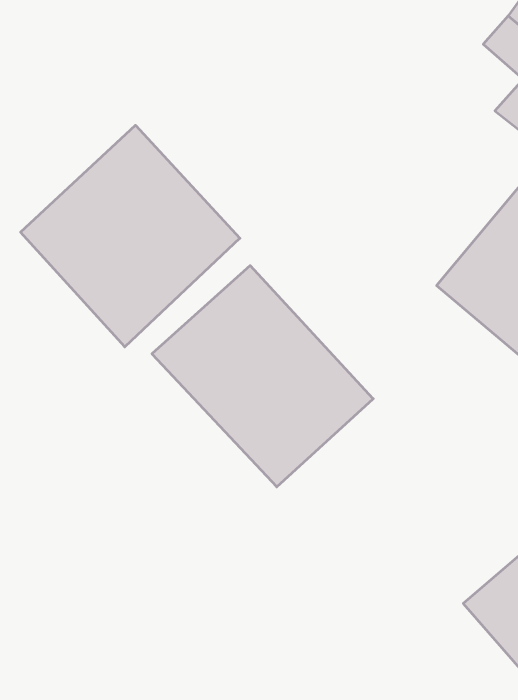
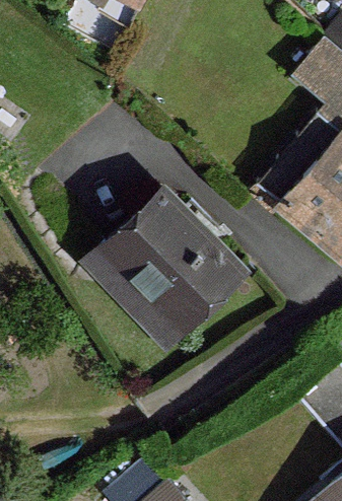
building: [21,125,240,347] -> none

